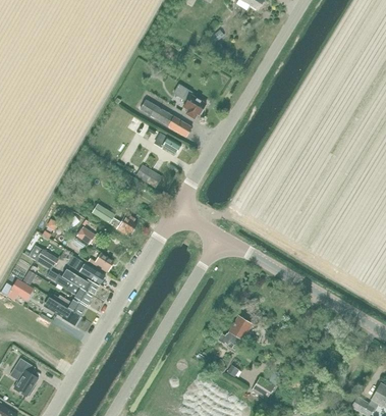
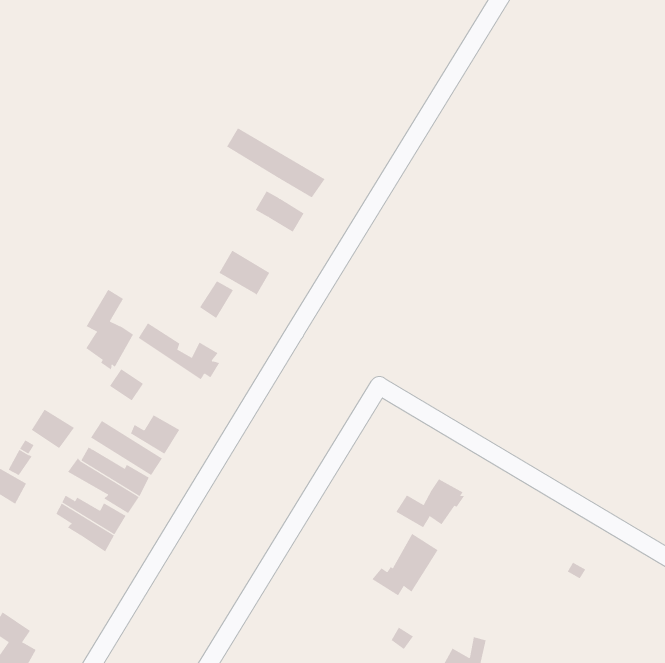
building: [172,84,205,118] -> none
building: none -> [86,289,134,370]
building: none -> [395,478,465,528]

